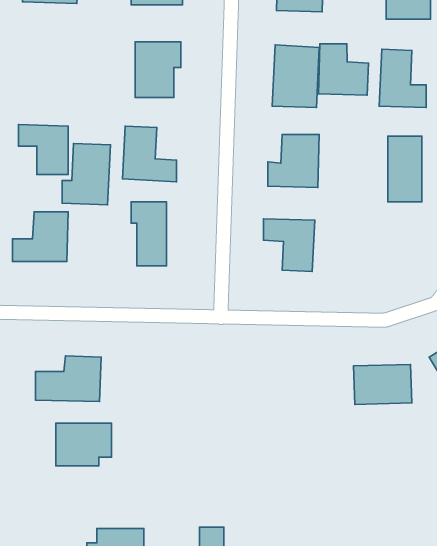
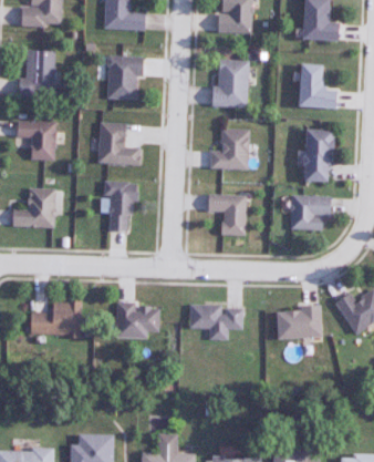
building: [319,44,369,95] -> none
building: [62,143,110,205] -> [18,50,55,97]
building: none -> [290,196,330,229]
building: none -> [189,306,243,340]
building: [56,423,112,466] -> [116,305,159,338]

